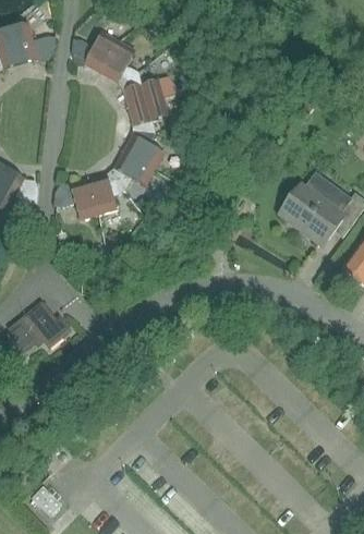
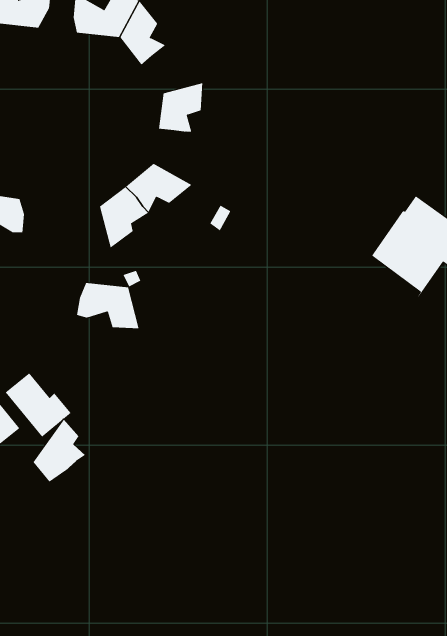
building: [120,71,163,105] -> none
building: [129,130,158,169] -> none
building: [53,181,98,214] -> [76,282,140,329]
building: none -> [33,419,86,482]

